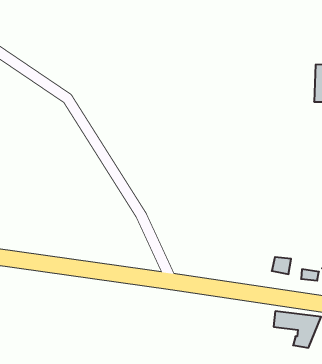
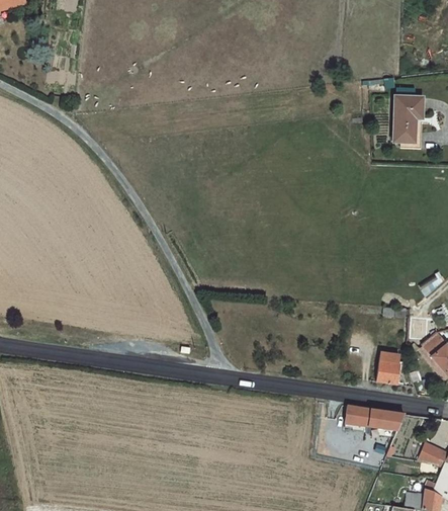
building: [272,257,291,274] -> [375,364,399,386]

